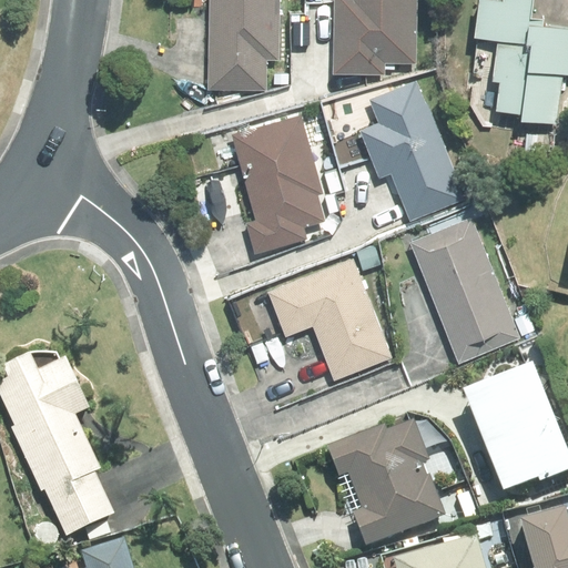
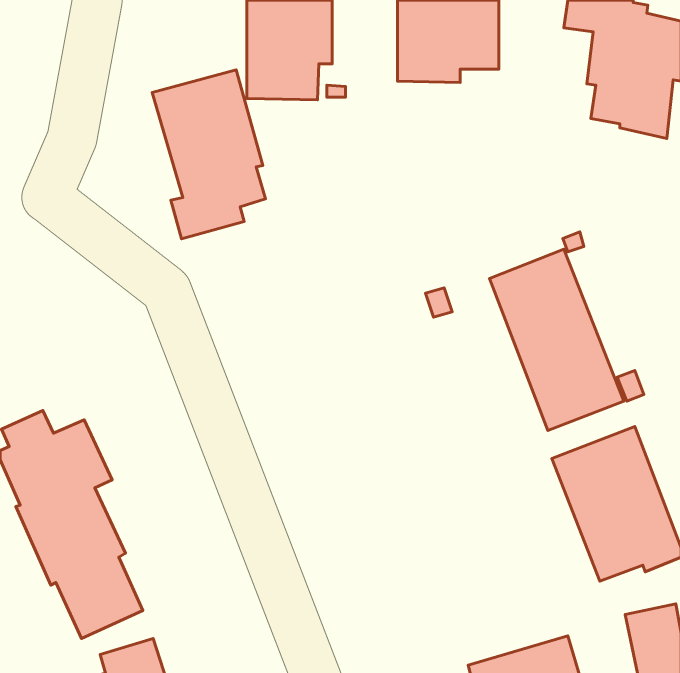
building: [358,78,463,222] -> none
building: [230,112,324,253] -> [152,70,265,239]
building: [265,255,390,379] -> none
building: [327,423,445,548] -> none

